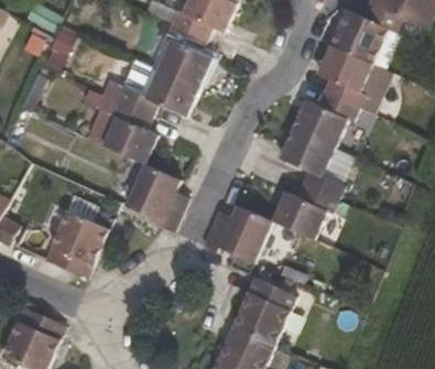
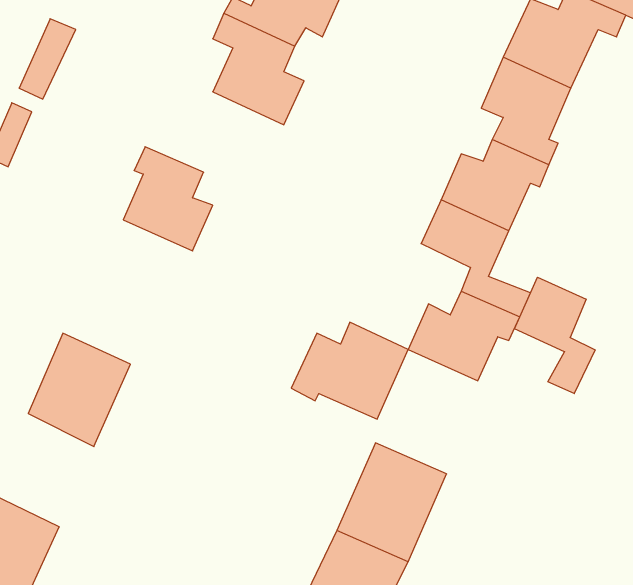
building: [100,56,199,115] -> none
building: [124,161,186,234] -> none
building: none -> [515,277,595,394]

